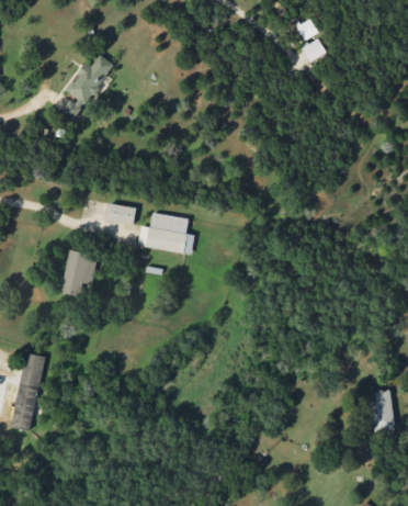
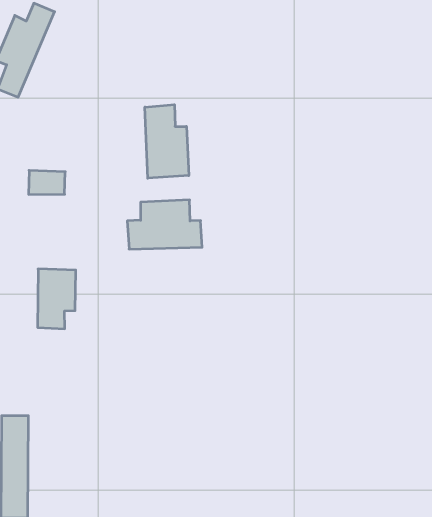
building: none -> [145,105,189,178]
building: [106,202,136,224] -> [29,170,65,194]

